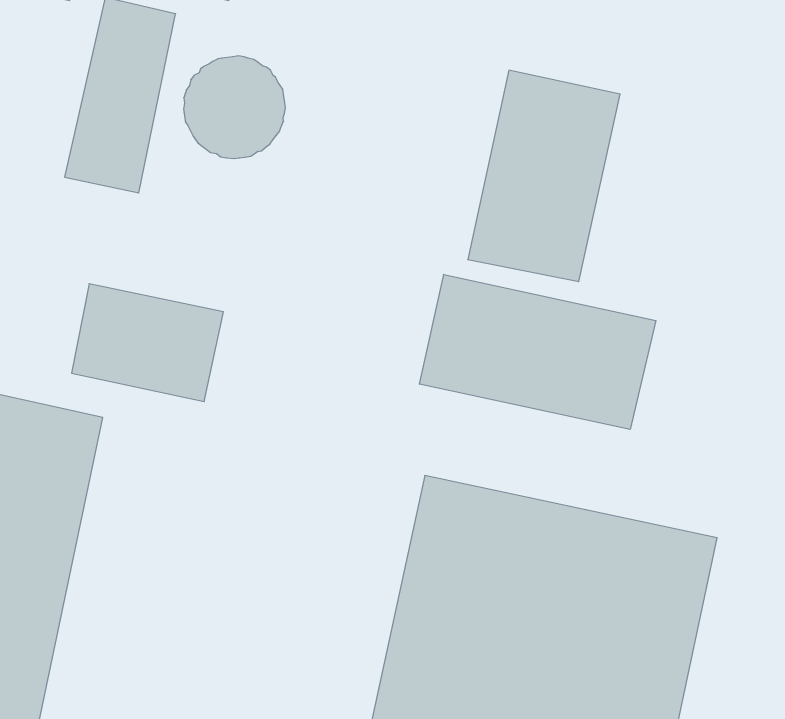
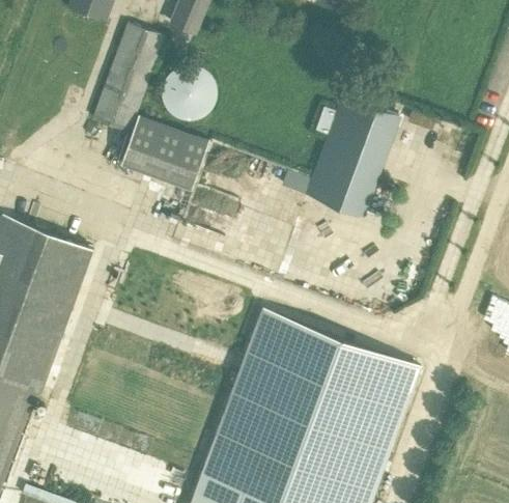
building: [420,274,656,429] -> none
building: [72,284,224,402] -> [120,117,208,191]

